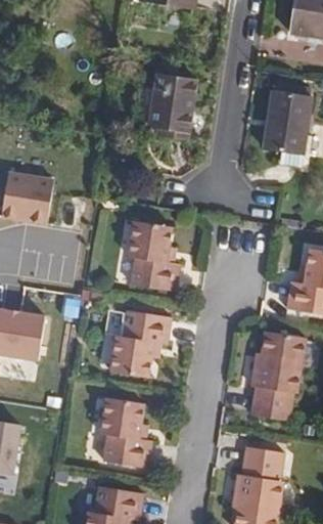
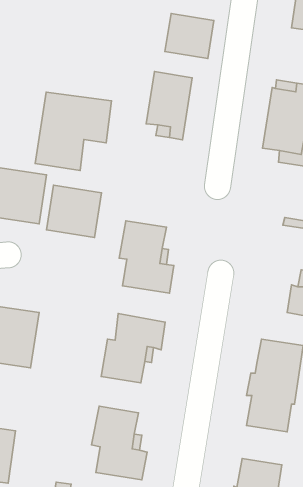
building: none -> [165,14,214,58]
building: none -> [35,92,111,170]
building: none -> [47,185,102,237]

